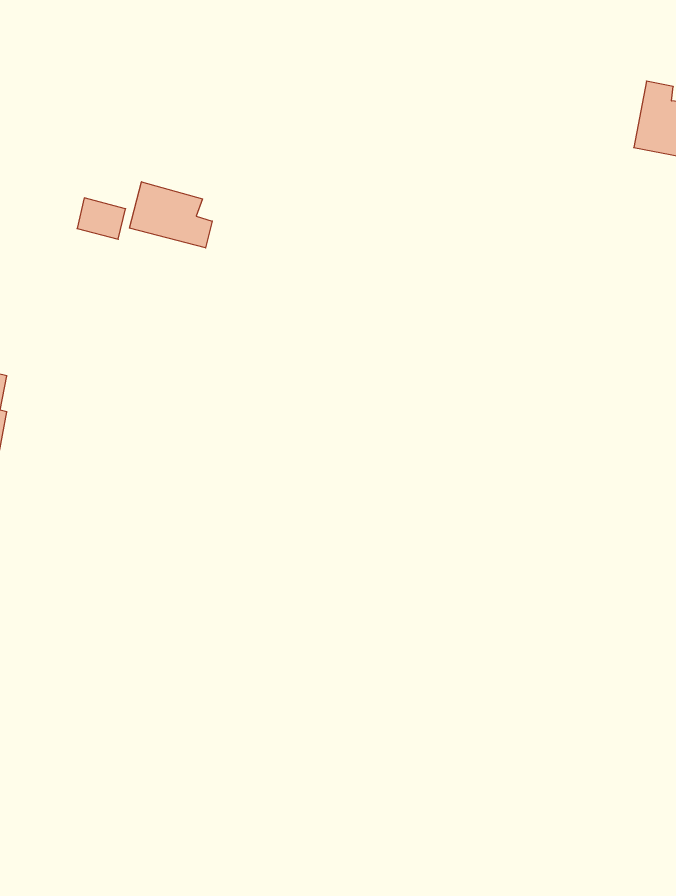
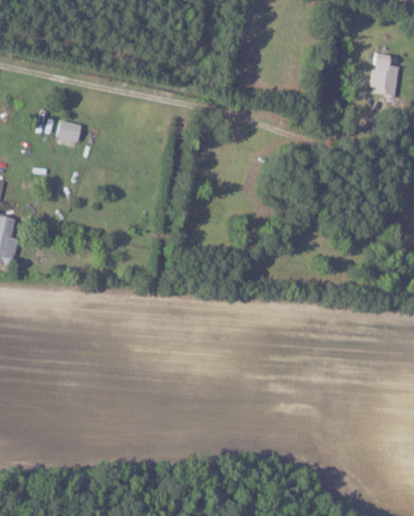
building: [130,182,212,248] -> none

